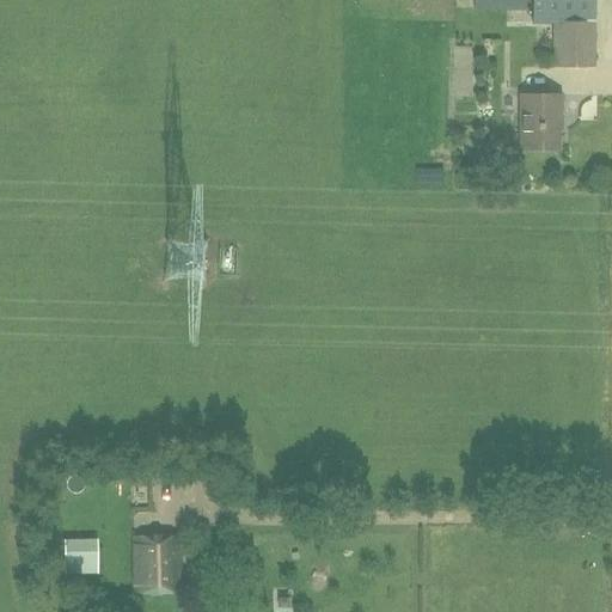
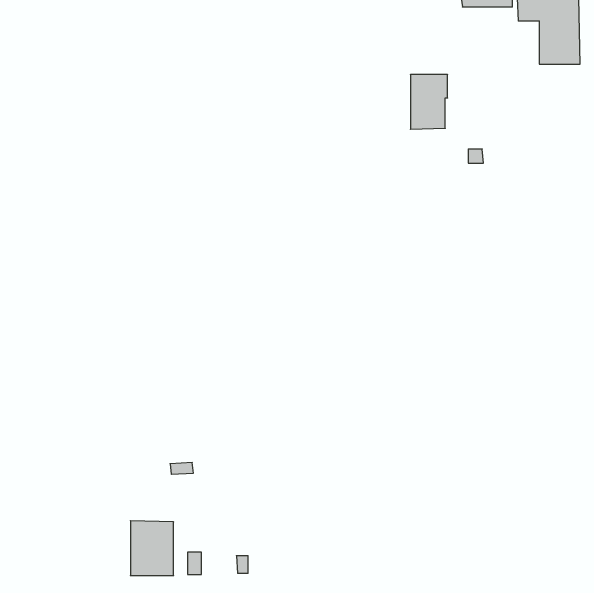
building: [522,92,561,148] -> [410,75,448,129]
building: [65,538,99,573] -> none

